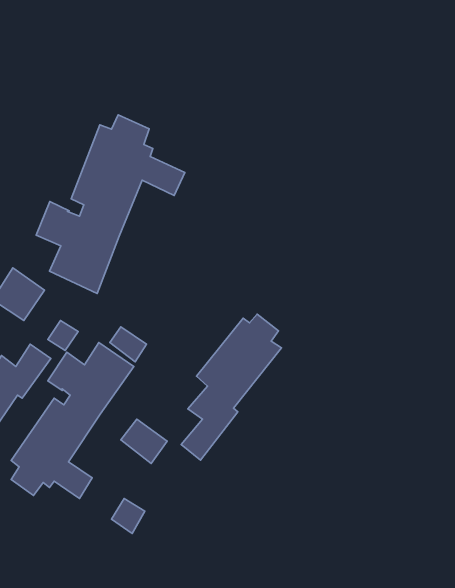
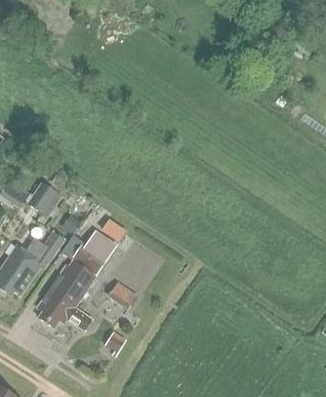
building: [36,115,185,293] -> none
building: [181,314,282,460] -> none

